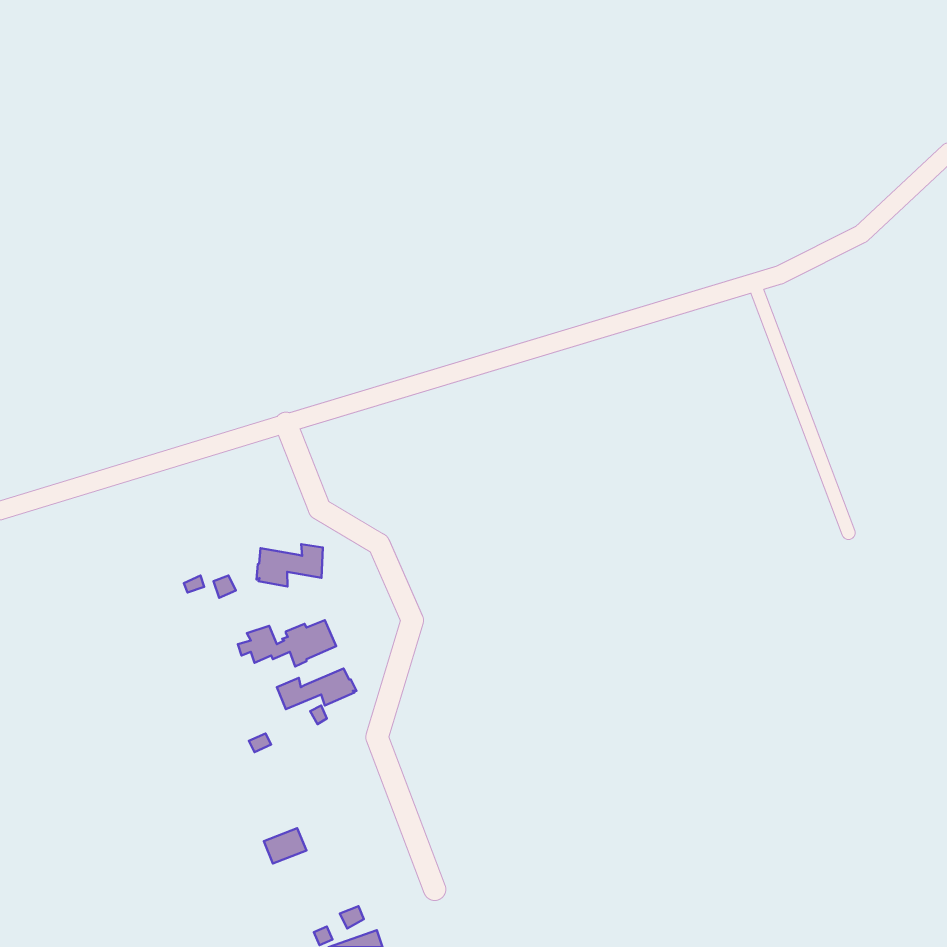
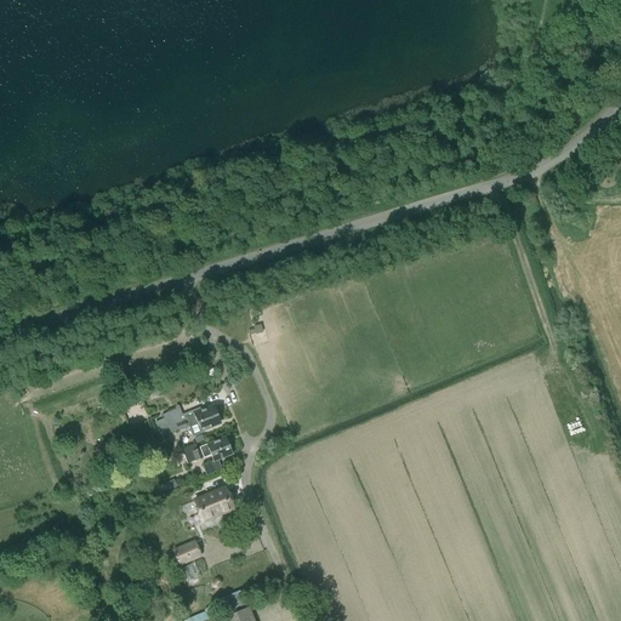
building: [256,544,323,587] -> none
building: none -> [194,486,234,519]

